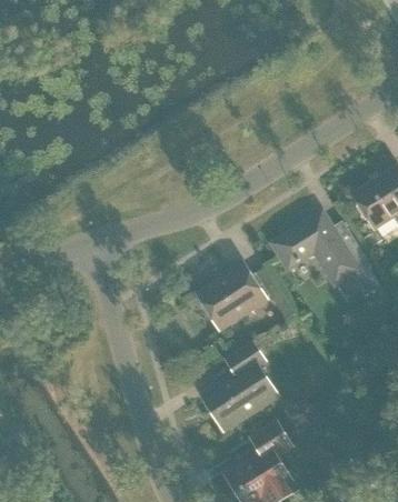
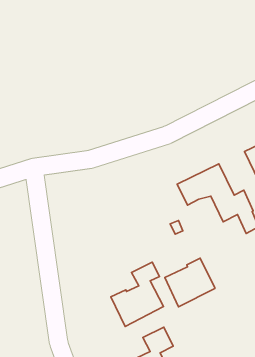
building: [201,264,265,328] -> [165,258,215,307]

